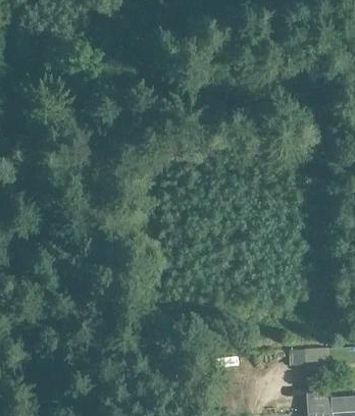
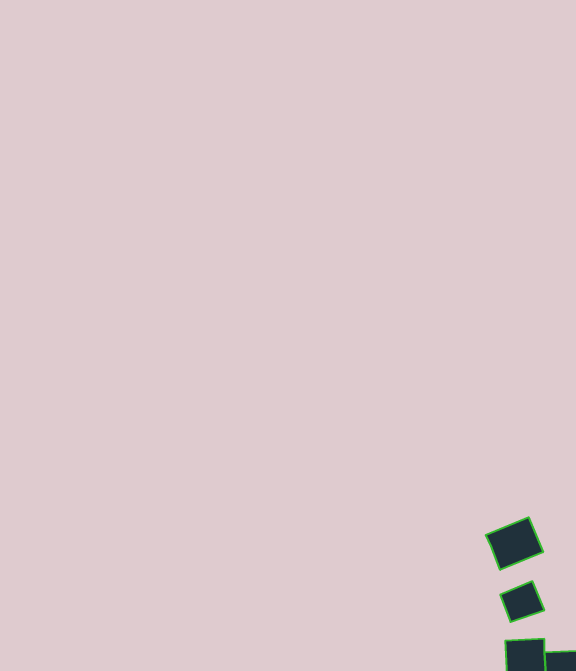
building: none -> [486,517,543,570]

